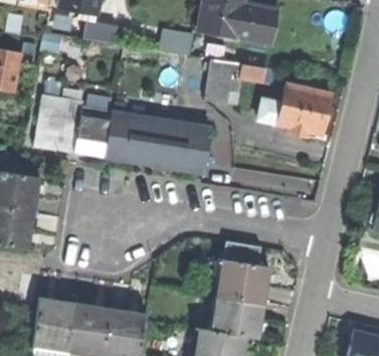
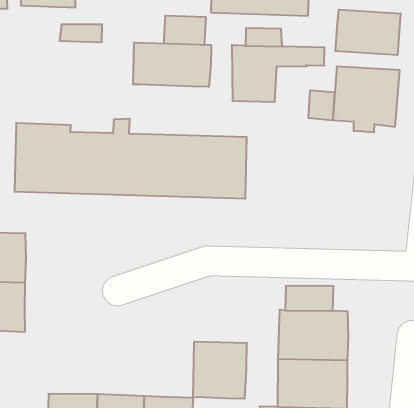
building: none -> [335,10,401,55]
building: none -> [133,42,211,87]
building: none -> [193,342,247,399]

